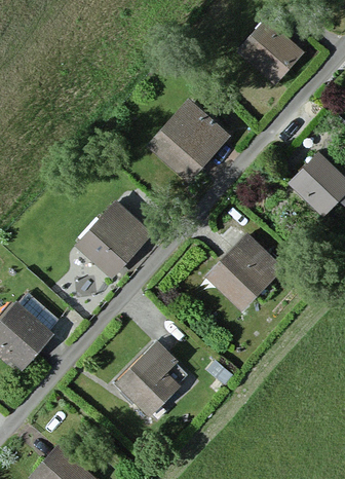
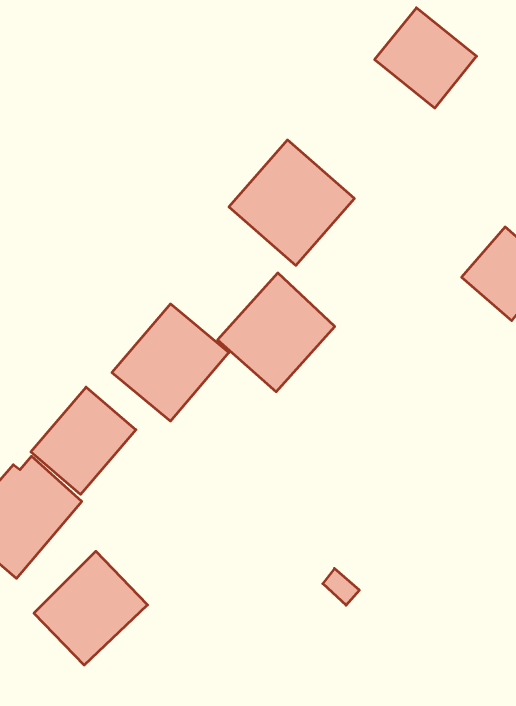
building: [208,238,280,311] -> [218,273,335,392]
building: none -> [31,387,136,494]
building: [117,345,187,415] -> [34,551,148,665]

